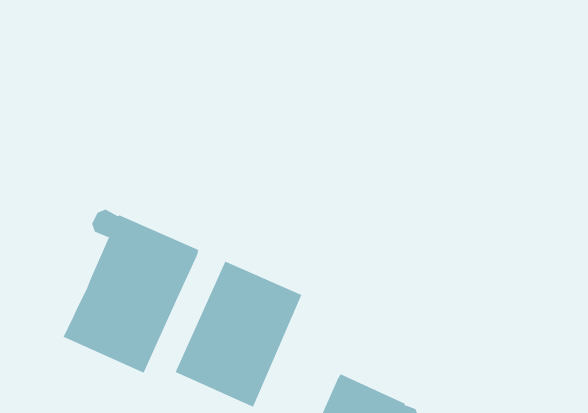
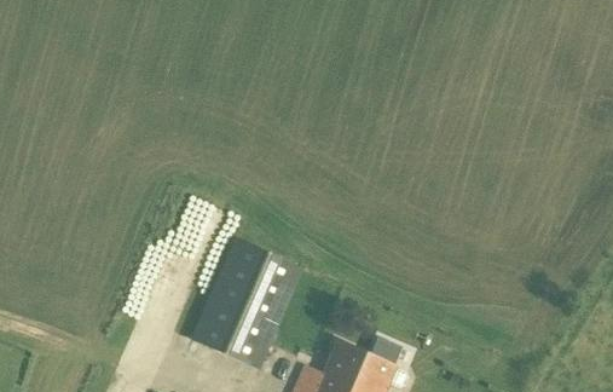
building: [63,209,199,373] -> none

